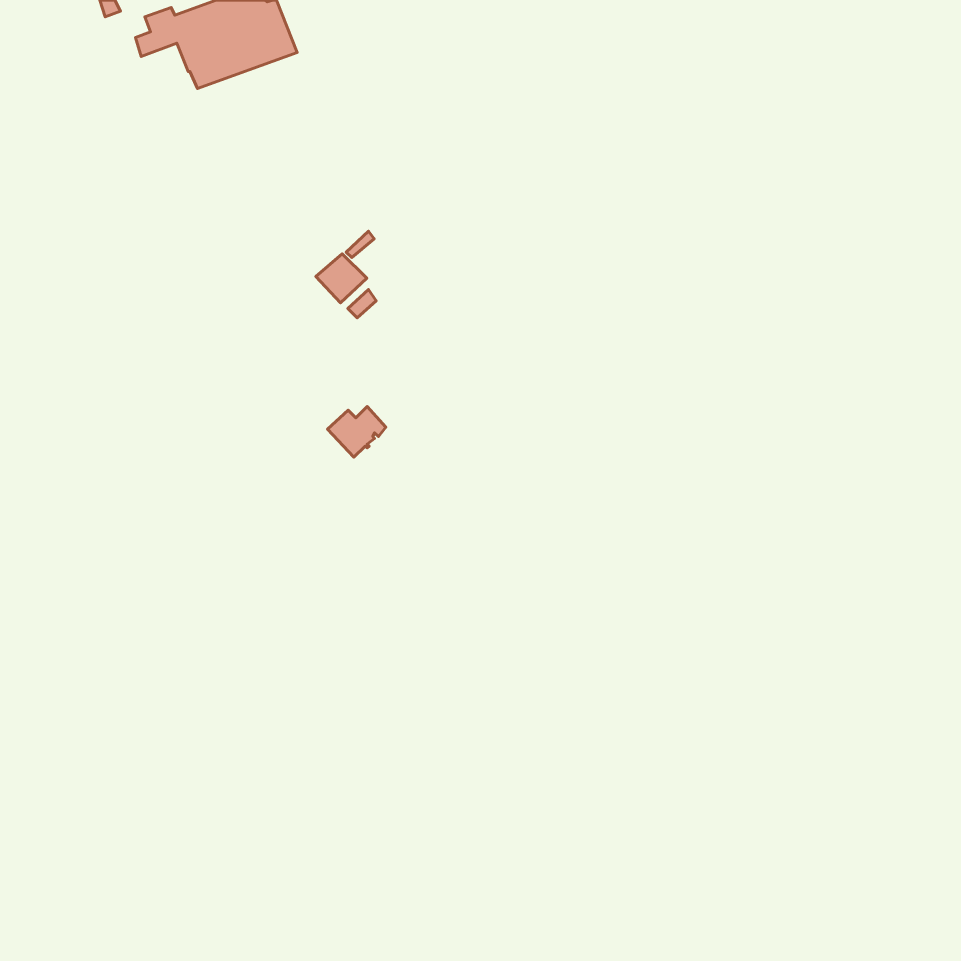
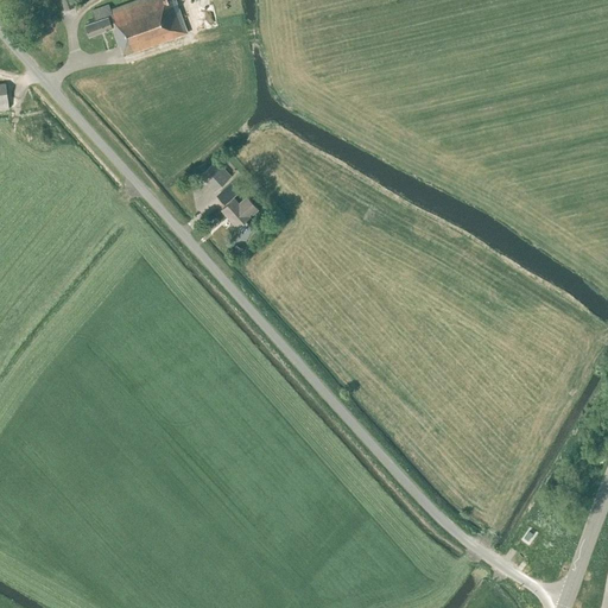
building: [328,407,386,457] -> [221,196,258,228]

